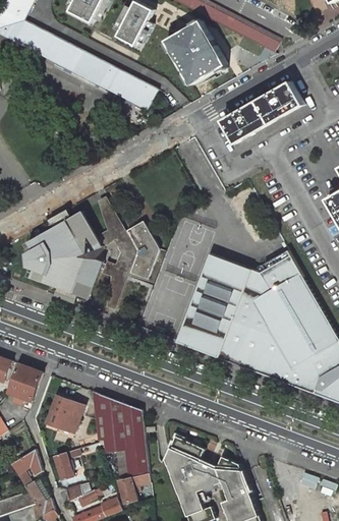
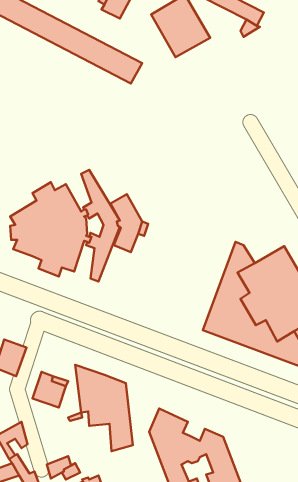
building: [221,81,303,146] -> none
building: [176,253,250,357] -> none
building: [259,254,299,290] -> none
building: [52,452,73,481] -> none
building: [116,476,149,505] -> none

